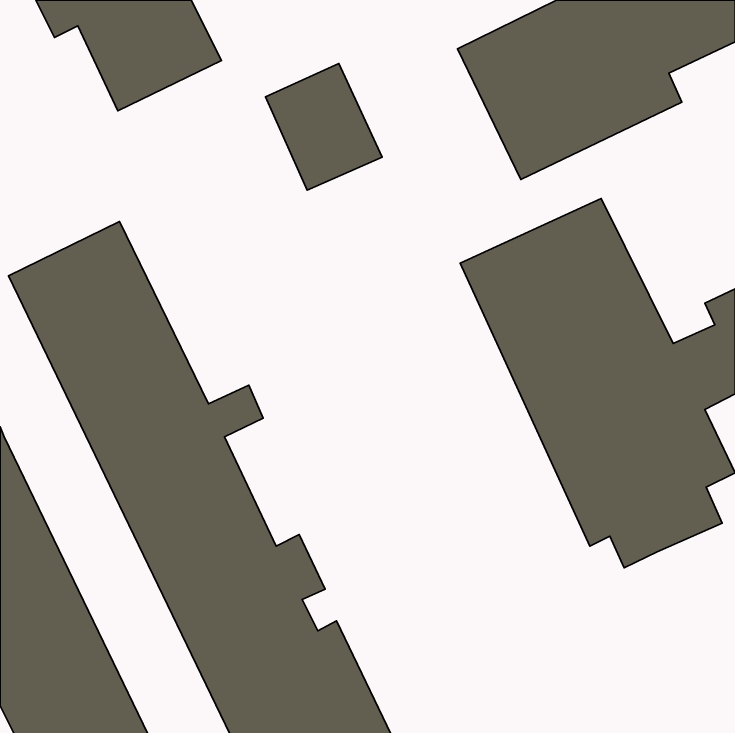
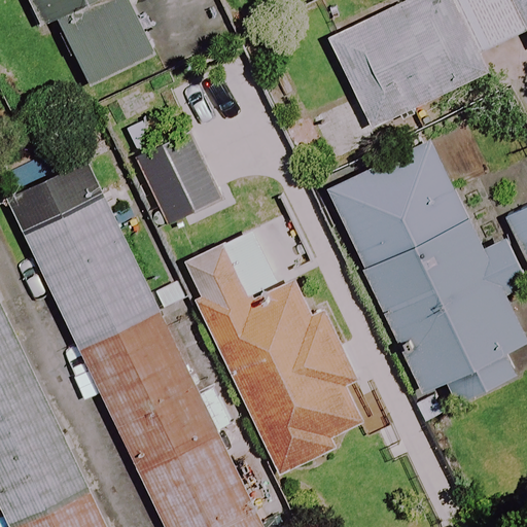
building: [266,64,382,190] -> [136,134,219,224]
building: none -> [188,231,365,475]

